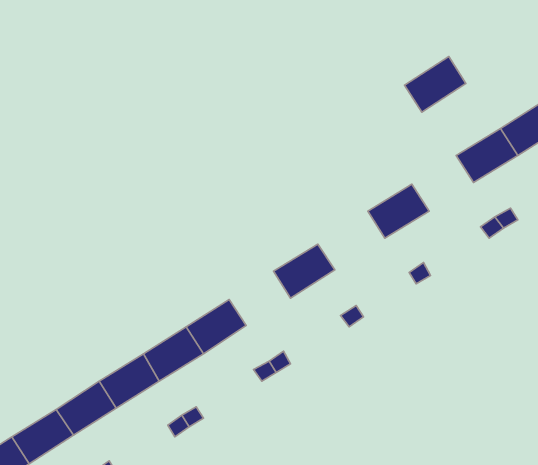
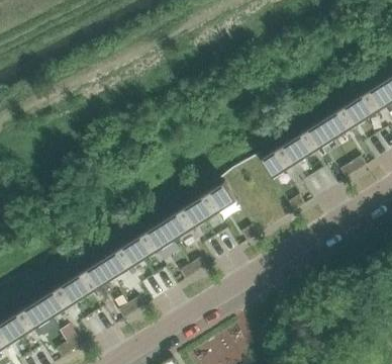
building: [405,56,466,112] -> [292,118,335,158]
building: none -> [163,200,206,239]

